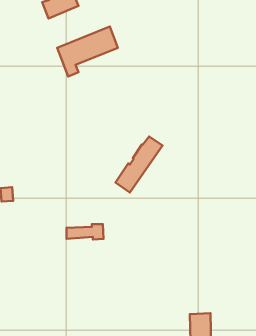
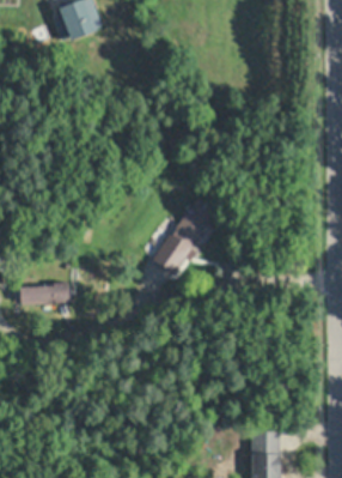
building: [57,26,118,77] -> none
building: [66,224,104,240] -> [20,283,69,303]

